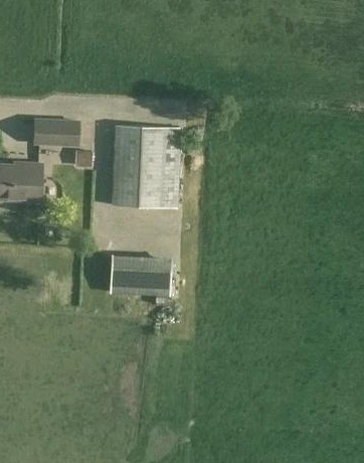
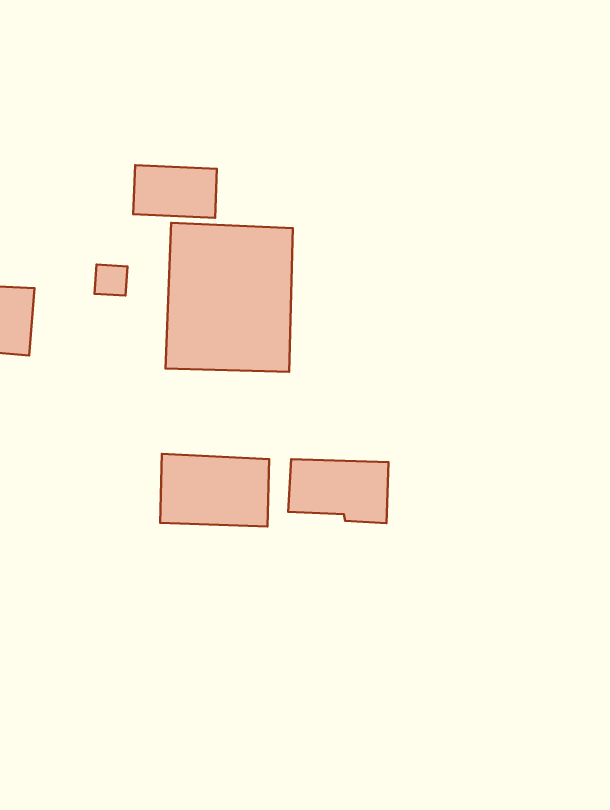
building: [32,118,78,147] -> [133,165,217,218]
building: none -> [288,459,388,523]

